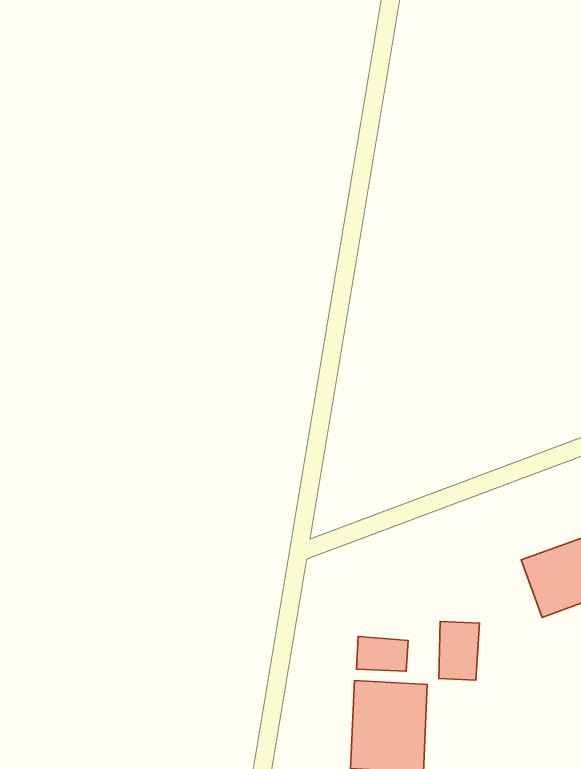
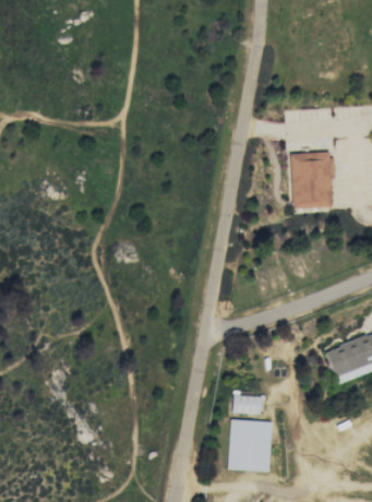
building: none -> [290,152,333,208]
building: [439,621,480,680] -> none

